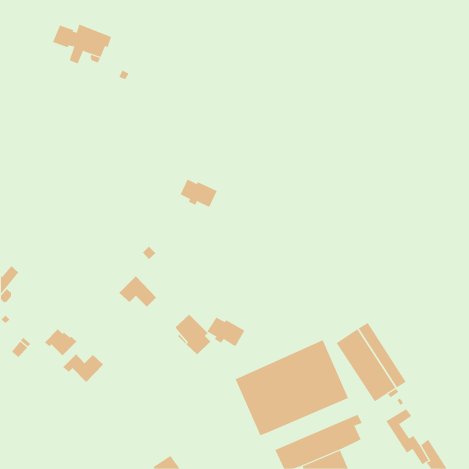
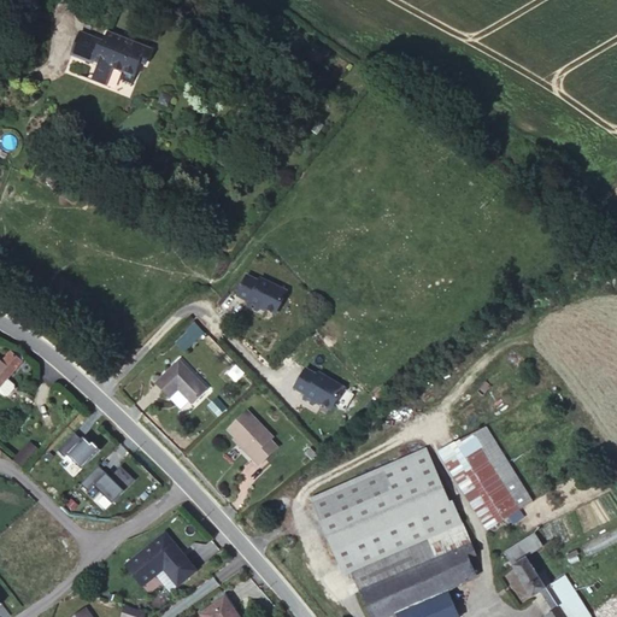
building: [180,179,218,207] -> [235,276,284,313]
building: [207,317,245,346] -> [292,369,342,407]
building: none -> [351,523,468,590]
building: none -> [125,535,195,589]

